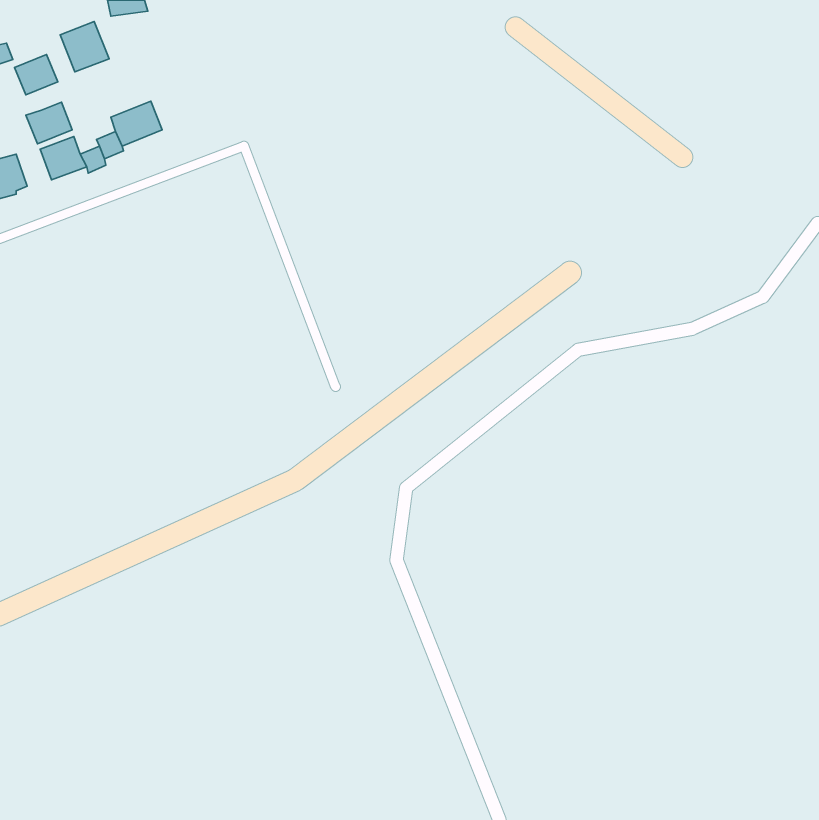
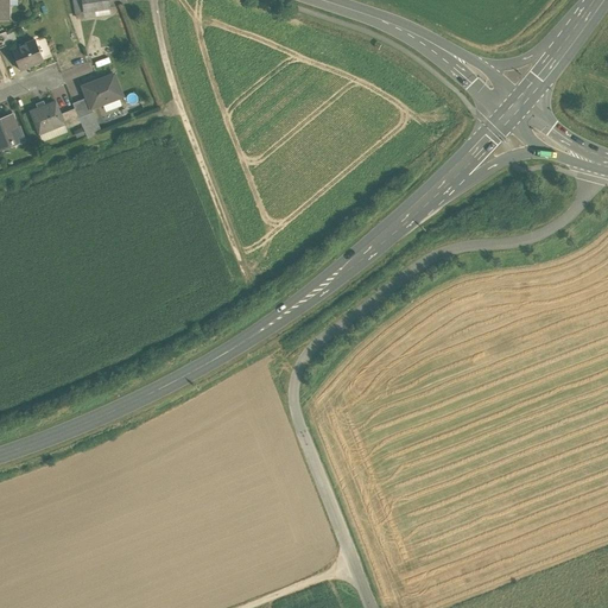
building: [60,22,109,72] -> none
building: [26,102,72,144] -> none

